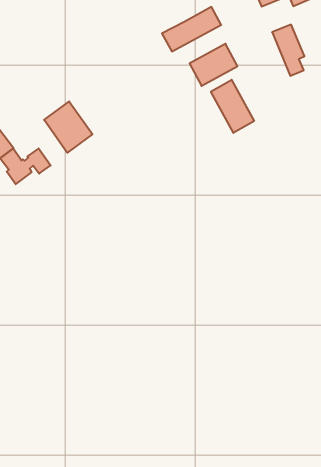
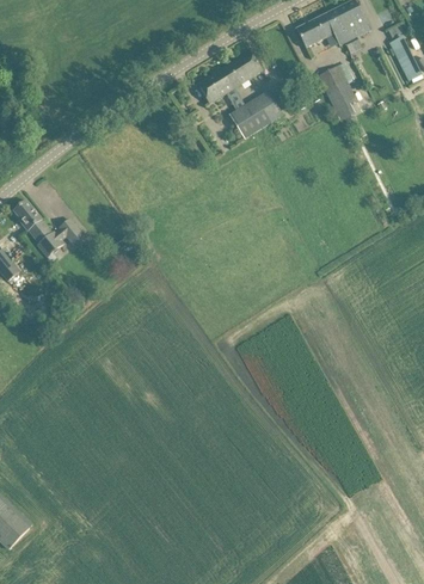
building: [211,80,254,133] -> none
building: [44,101,92,153] -> none

